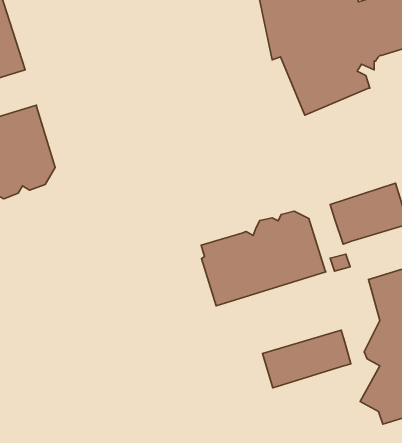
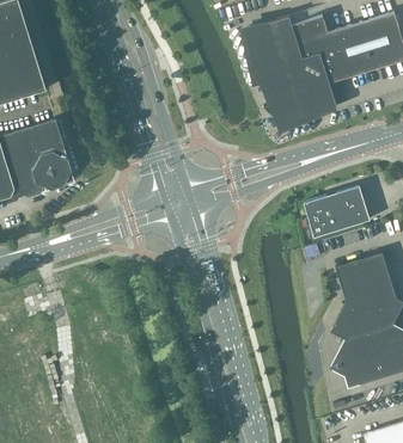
building: [201,211,326,306] -> none
building: [262,330,351,388] -> none

